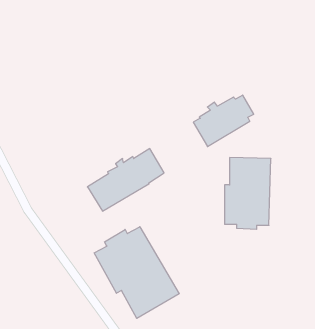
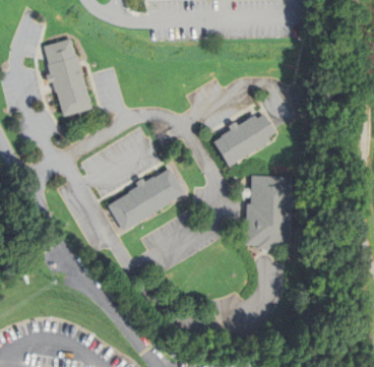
building: none -> [44,39,92,117]
building: [94,227,179,318] -> none

